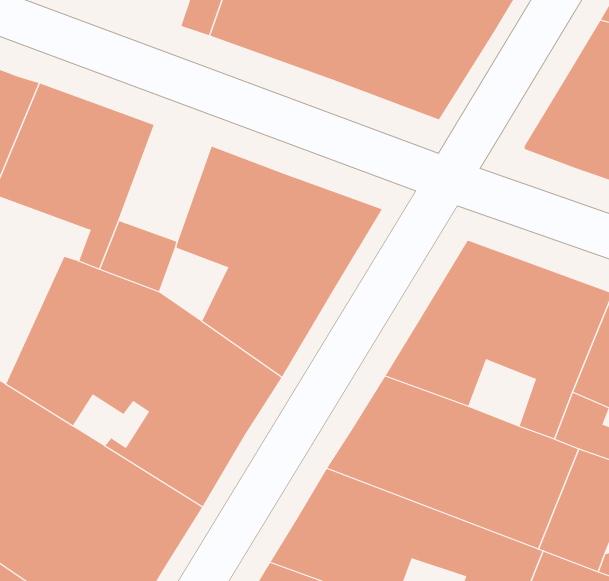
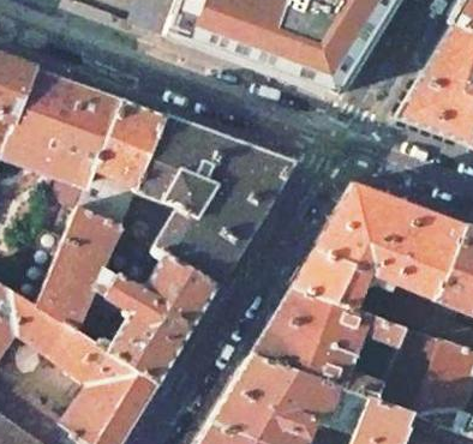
building: none -> [97,100,166,186]

